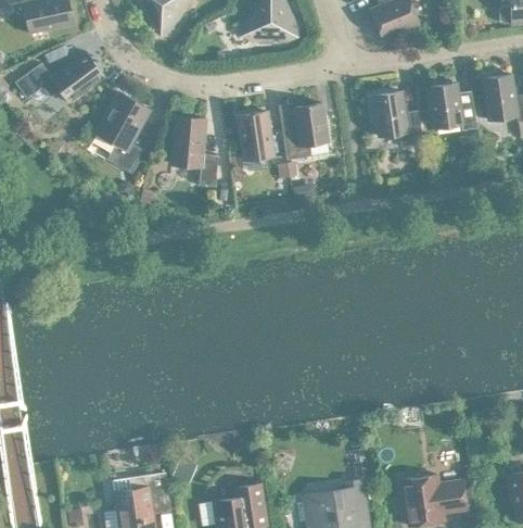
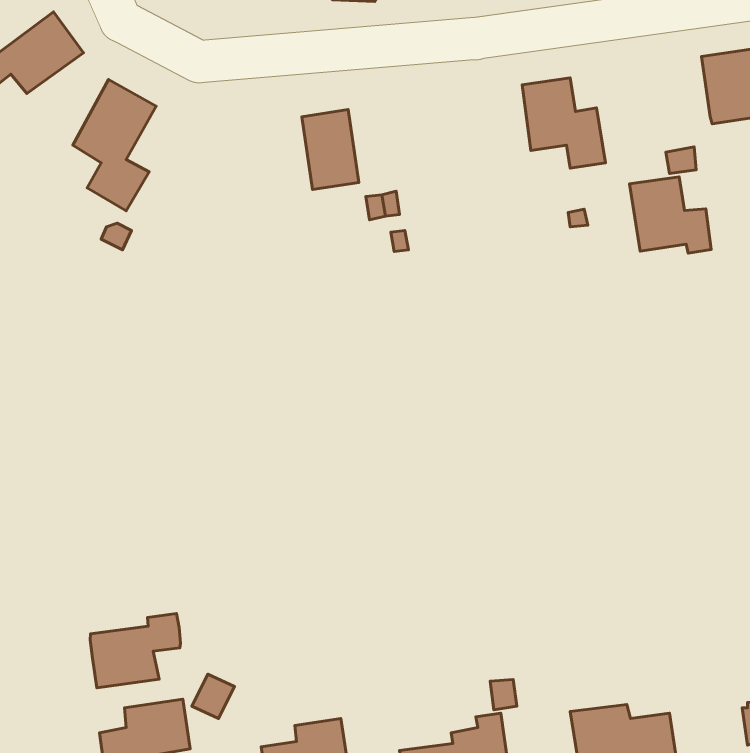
building: [426,83,476,129] -> [630,177,711,253]
building: [281,102,328,159] -> none
building: [171,116,218,185] -> none
building: none -> [90,614,181,688]

